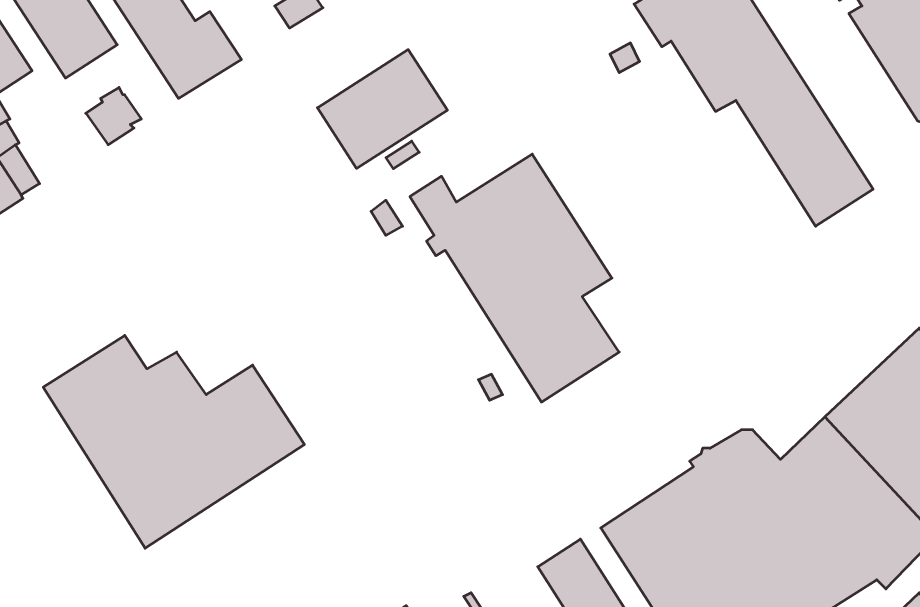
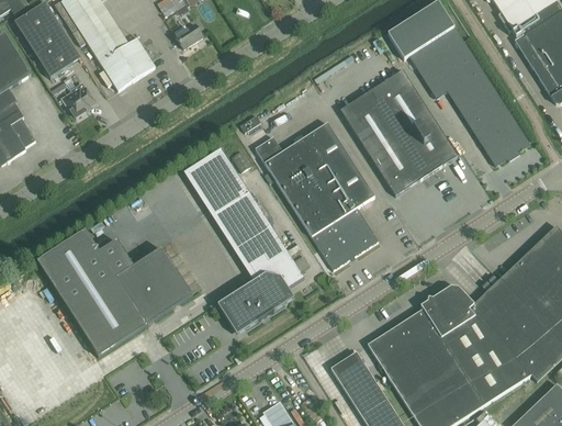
building: [317,50,447,168] -> none
building: none -> [340,69,457,194]
building: none -> [183,147,304,334]

